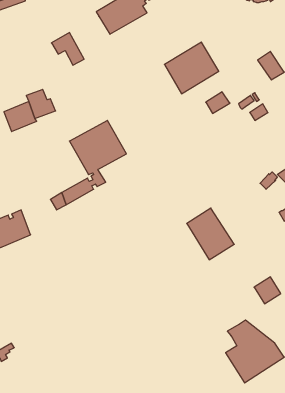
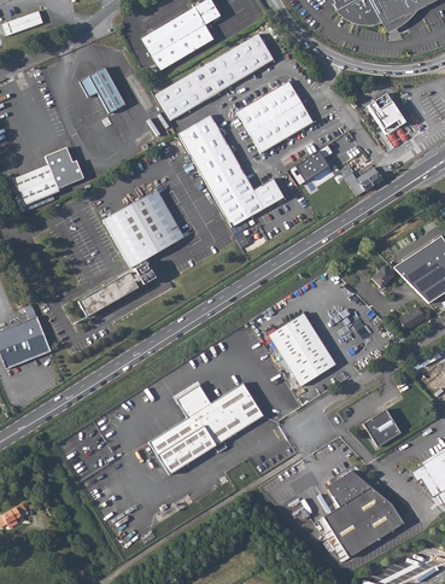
building: none -> [156,34,273,119]
building: none -> [178,113,283,226]
building: none -> [147,382,262,474]

